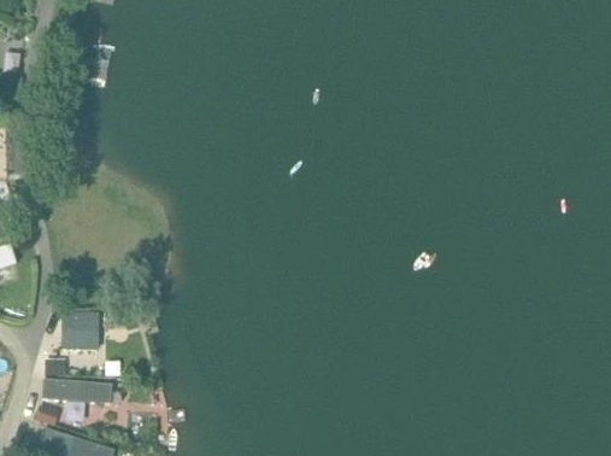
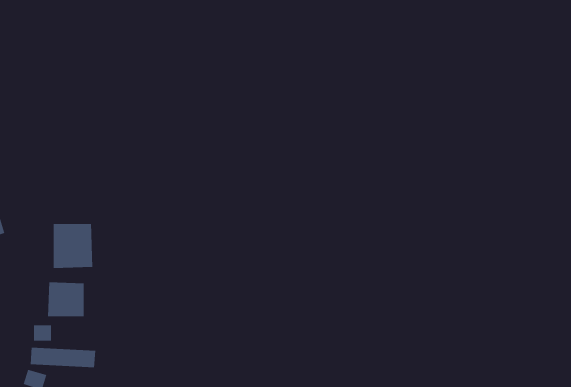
building: none -> [53,223,93,269]

